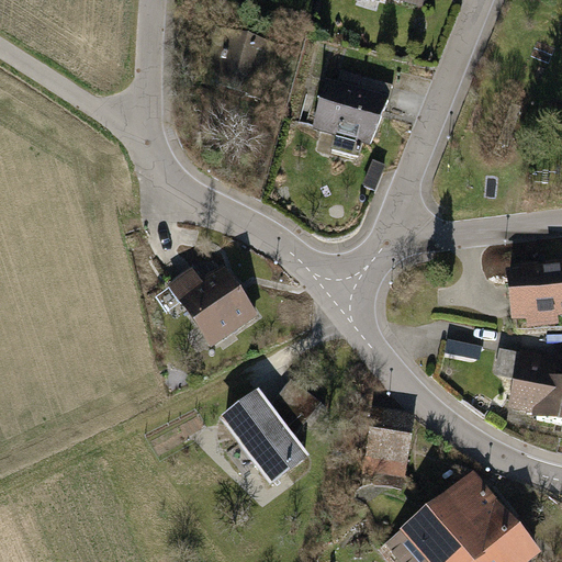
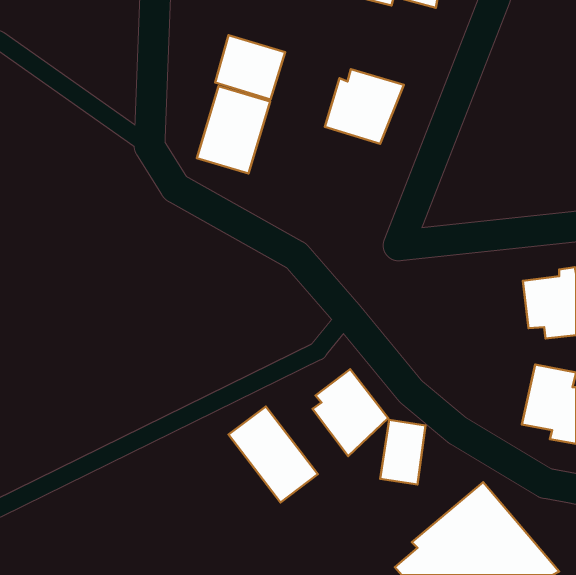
building: none -> [197,86,270,173]
building: [170,263,255,342] -> none
building: none -> [312,369,388,456]

